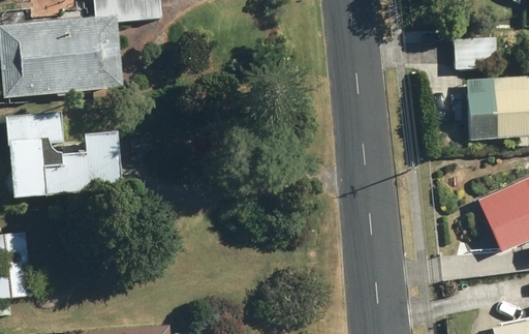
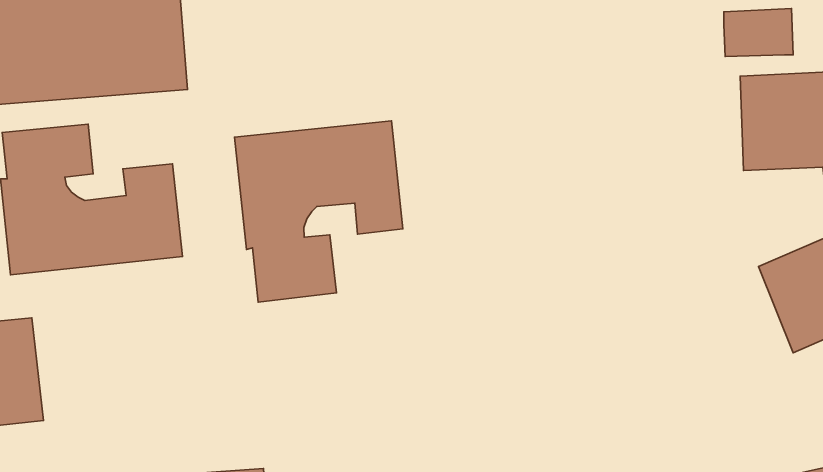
building: none -> [234,121,403,302]

